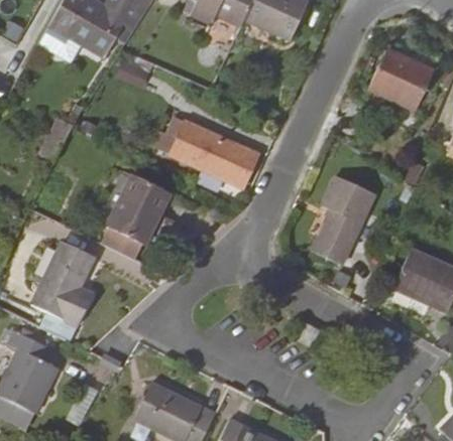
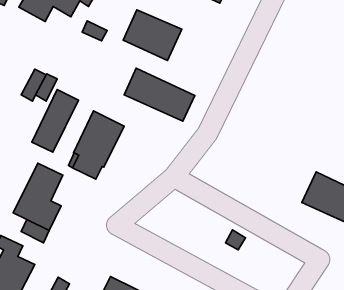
building: none -> [123,10,182,61]
building: [369,48,435,110] -> none
building: none -> [32,90,78,152]
building: [313,175,374,264] -> none

